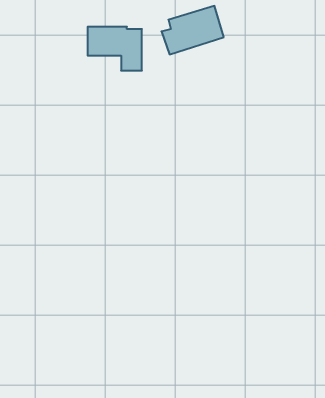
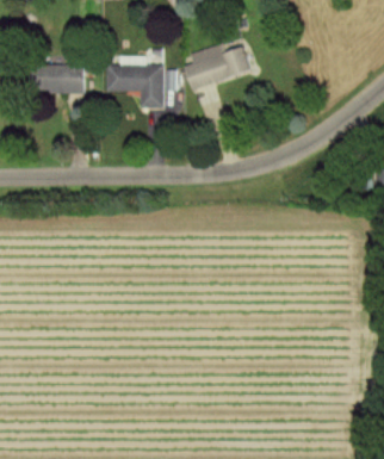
building: none -> [30,64,85,92]

